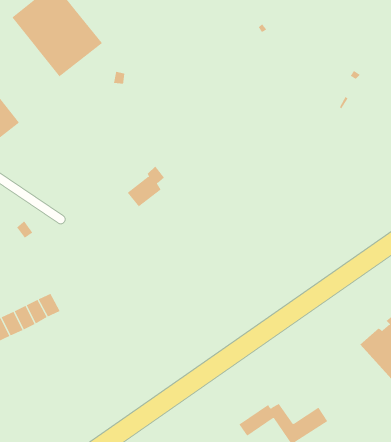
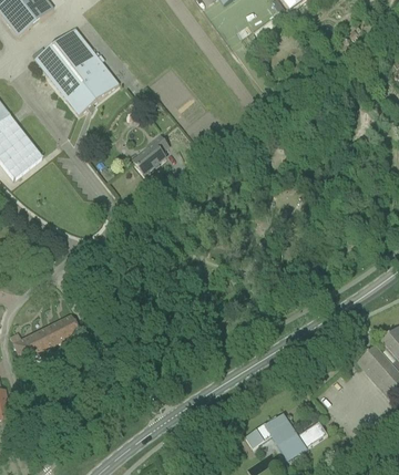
building: [127,166,165,207] -> [133,133,168,172]

